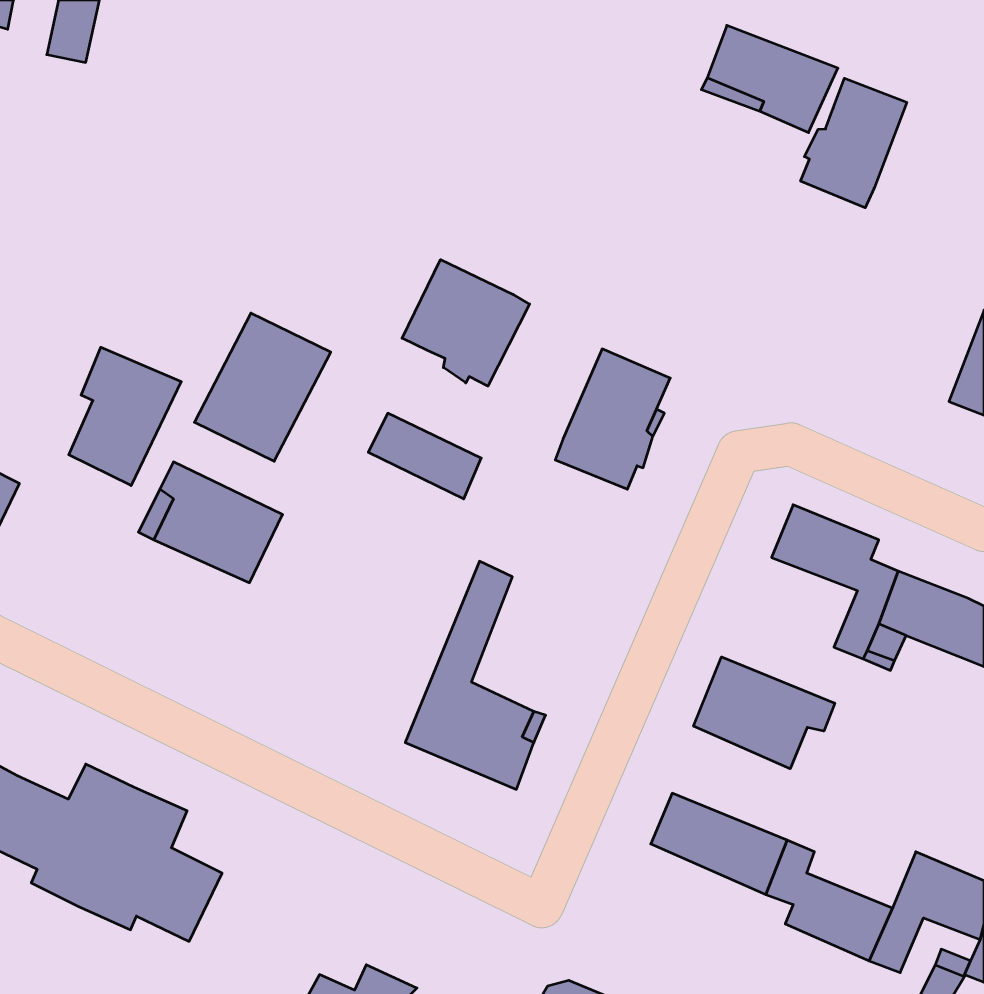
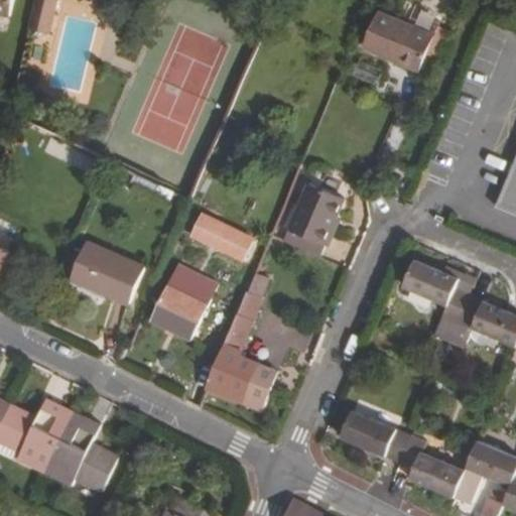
building: [801,78,907,208] -> none
building: [402,260,530,386] -> none
building: [194,313,331,461] -> [147,262,218,339]
building: [69,347,181,486] -> none
building: [694,657,835,769] -> none

